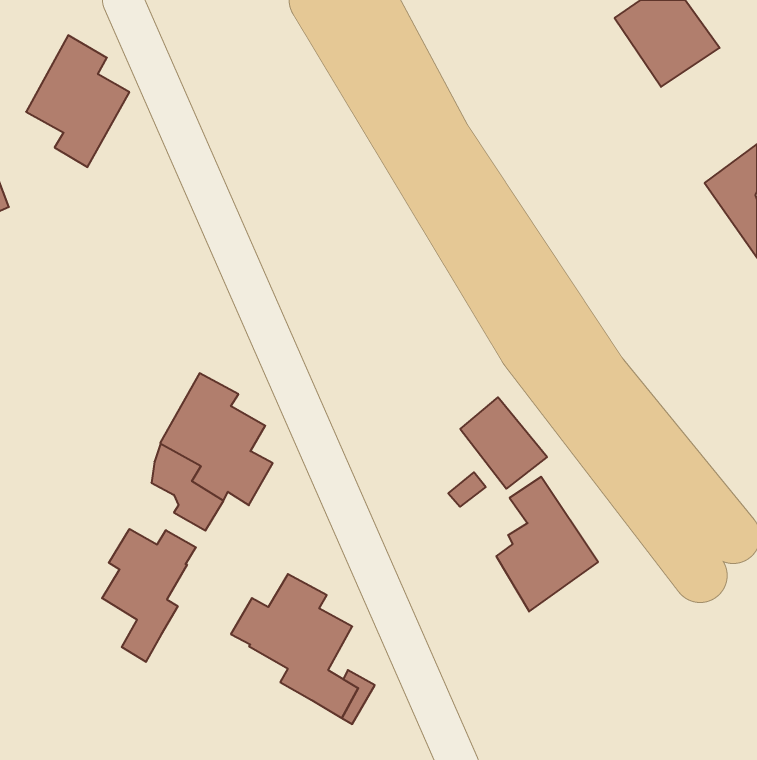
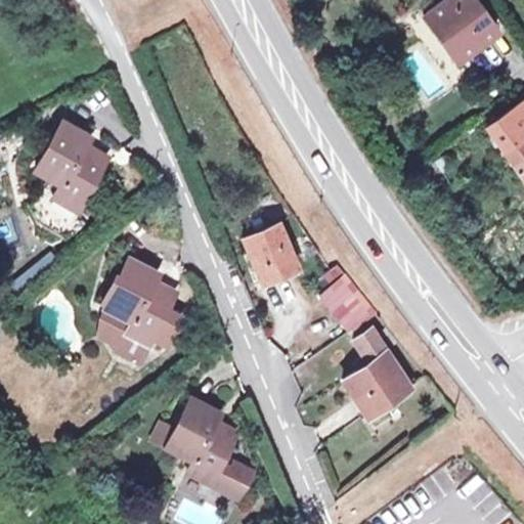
building: [26,35,129,167] -> [43,119,114,209]
building: none -> [247,225,298,283]
building: [102,529,196,662] -> none

